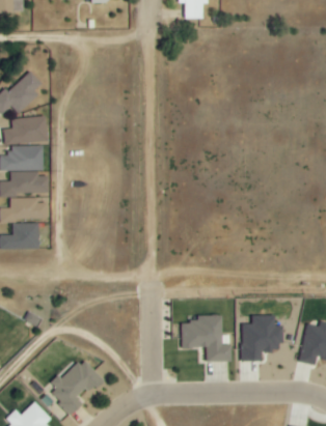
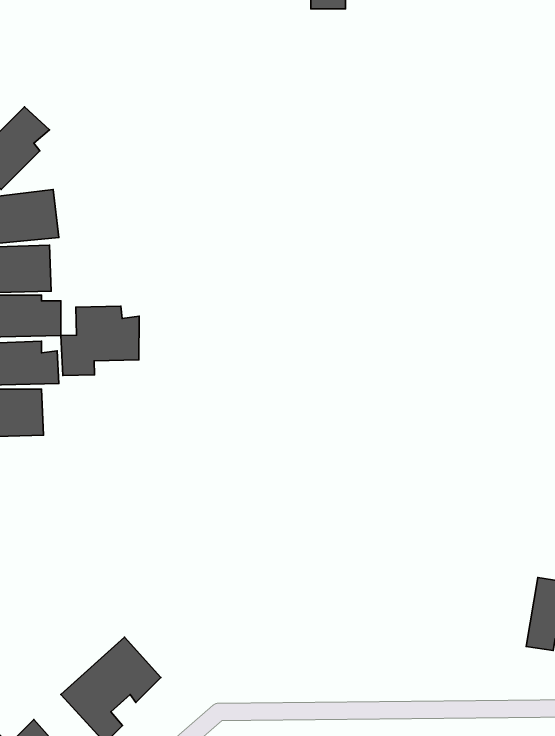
building: none -> [61,306,139,375]
building: [182,314,230,362] -> none
building: [241,315,282,361] -> none

